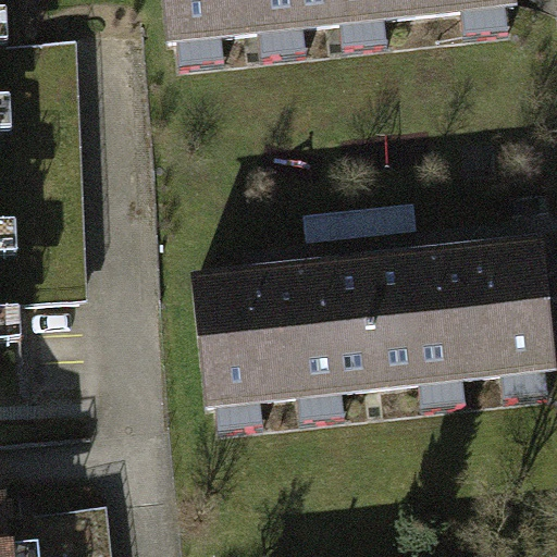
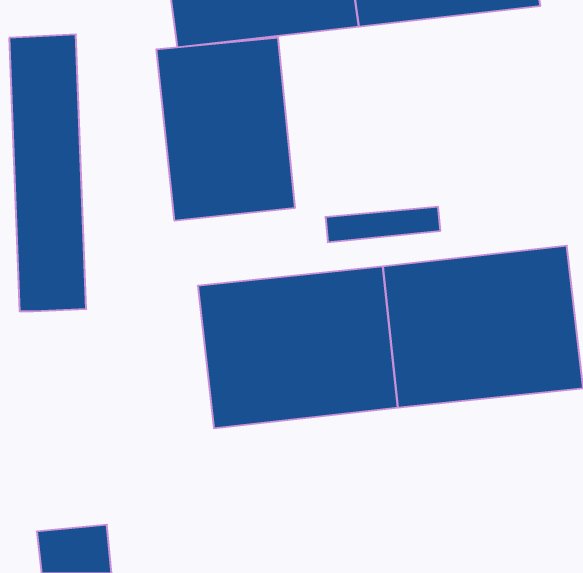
building: none -> [156,37,295,221]

